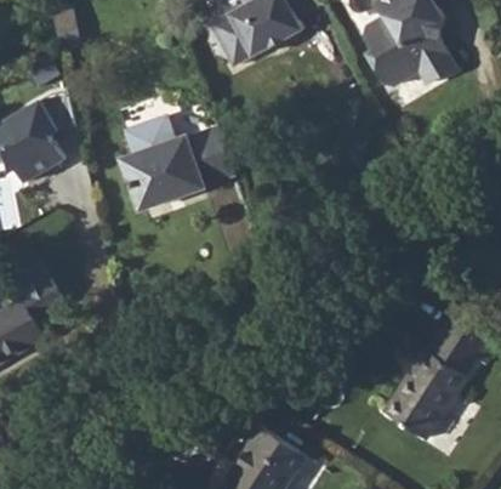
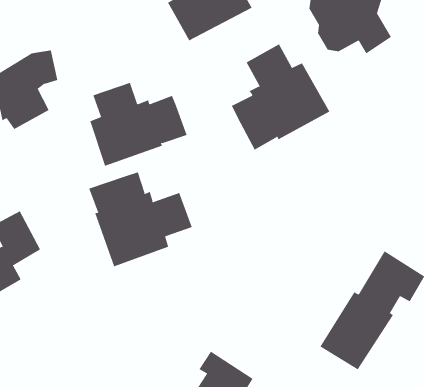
building: none -> [231,44,330,150]
building: none -> [89,172,192,267]

